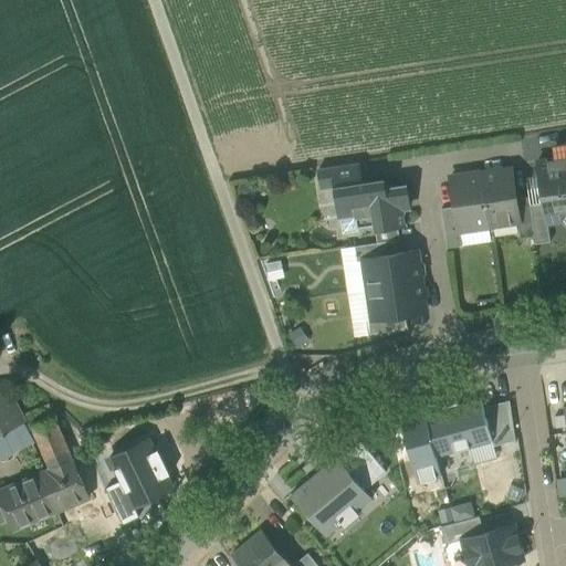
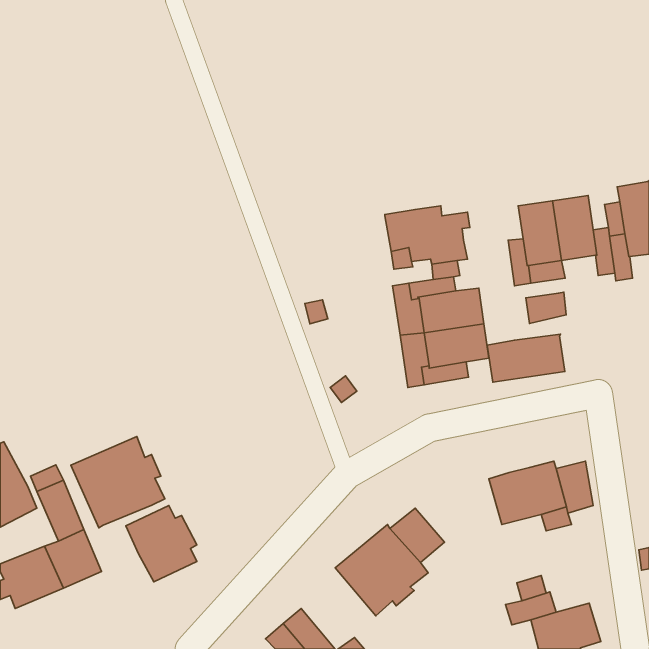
building: [319,164,361,190] -> none
building: none -> [526,292,566,324]
building: none -> [487,334,565,382]
building: none -> [71,436,165,528]
building: [401,417,441,483] -> none
building: [106,482,139,524] -> none

